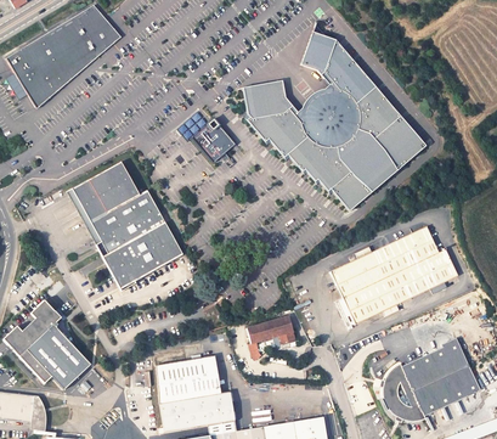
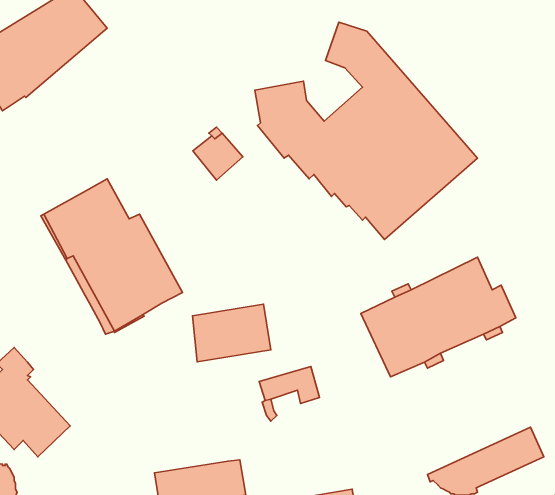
building: [382,336,470,404] -> none
building: [157,355,221,403] -> [193,304,271,362]

